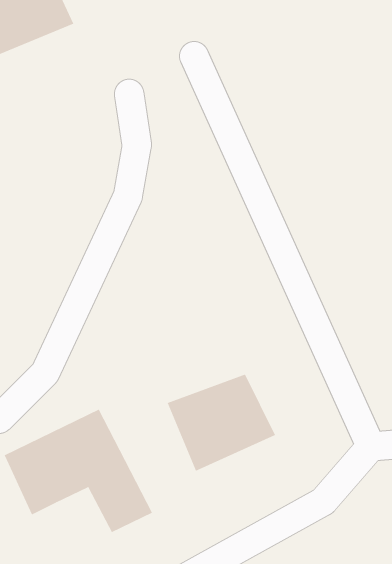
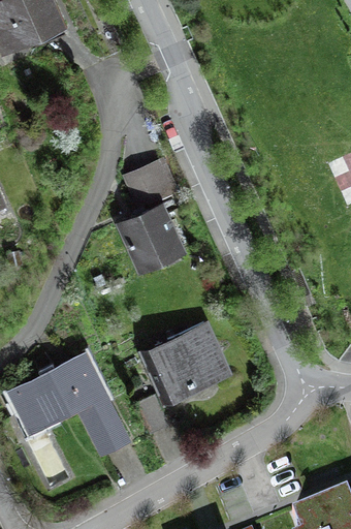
building: none -> [115,162,183,273]

